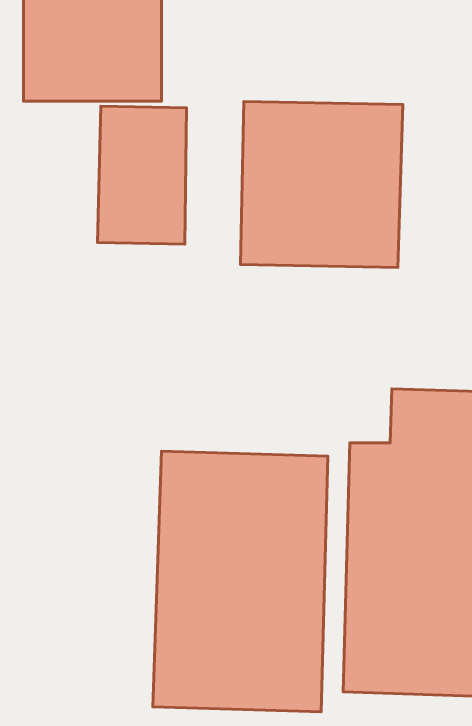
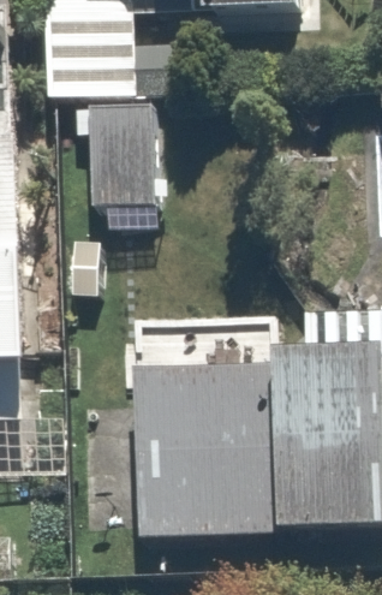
building: [241,101,403,267] -> none

